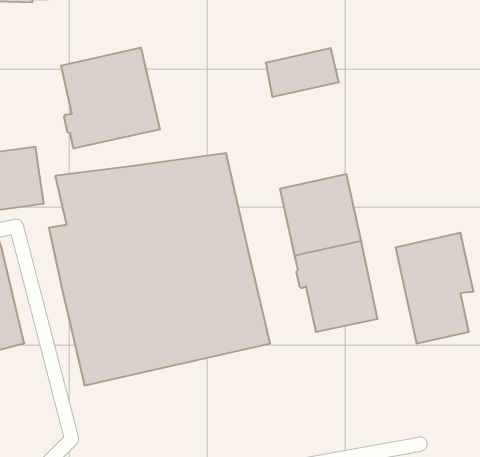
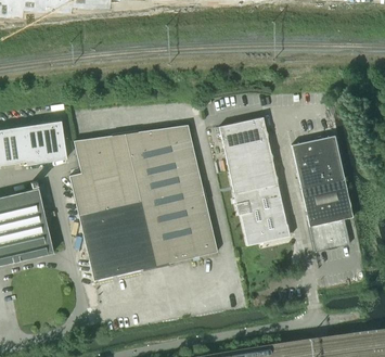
building: [61,48,160,149] -> none
building: [266,48,339,97] -> [219,116,268,149]
building: none -> [291,135,344,188]

